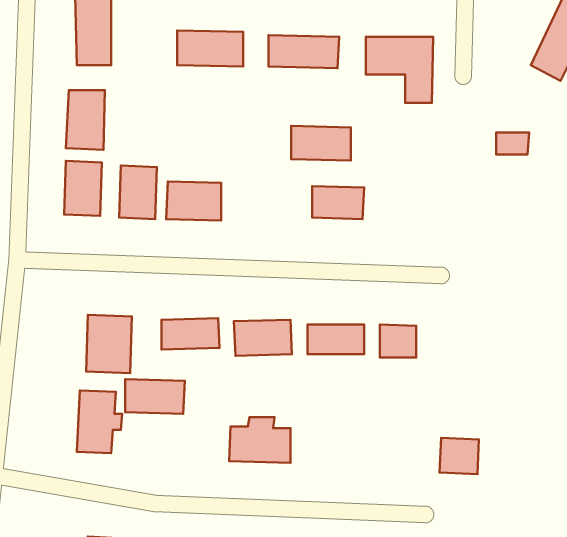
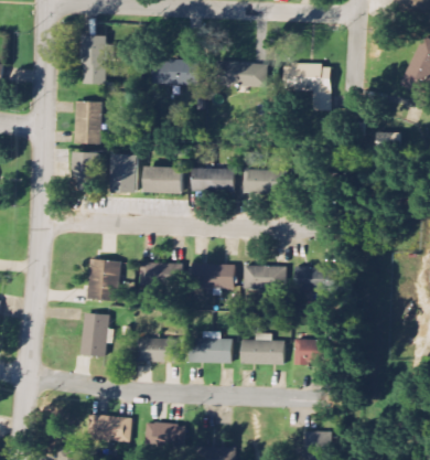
building: [291,126,351,161] -> [193,168,235,192]
building: [125,379,185,414] -> [137,338,179,362]
building: none -> [241,333,283,364]
building: [440,438,479,474] -> [293,339,321,364]

